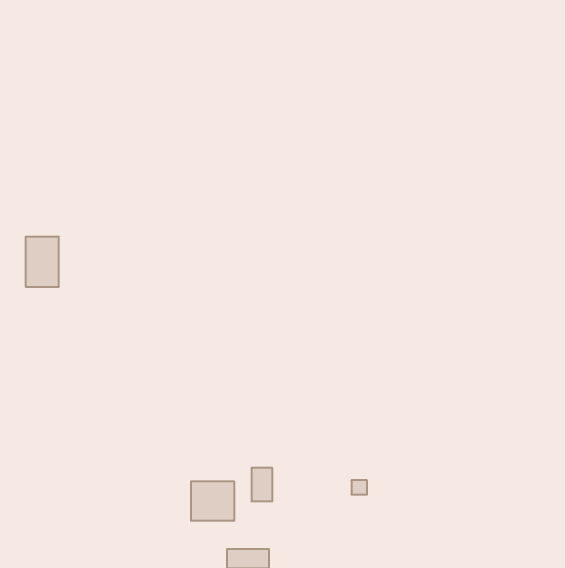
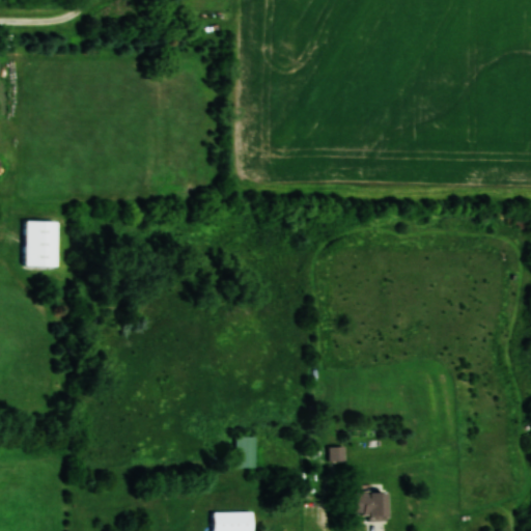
building: [191,481,234,521] -> none
building: none -> [357,491,389,520]

